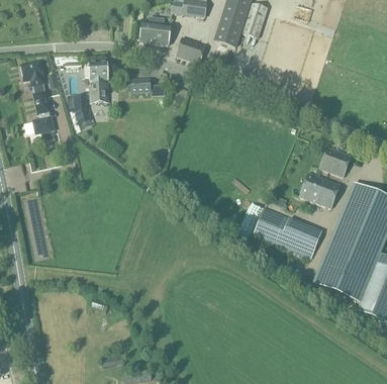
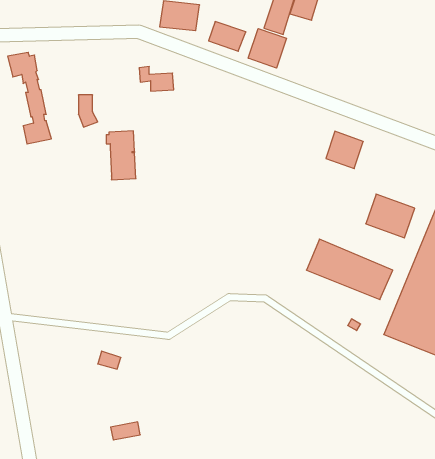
building: none -> [248,29,286,68]
building: [85,63,108,101] -> [106,131,136,180]
building: [320,148,350,177] -> [326,131,363,169]

